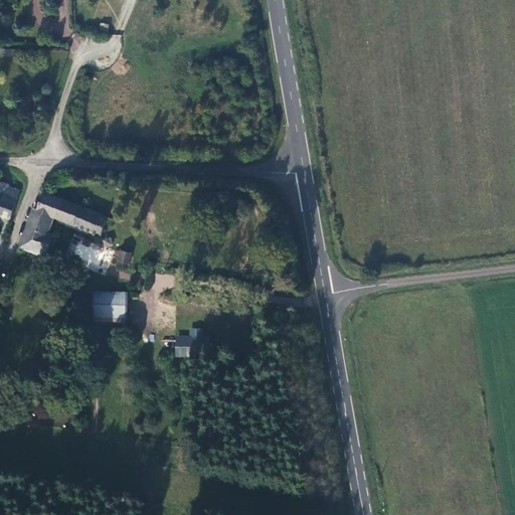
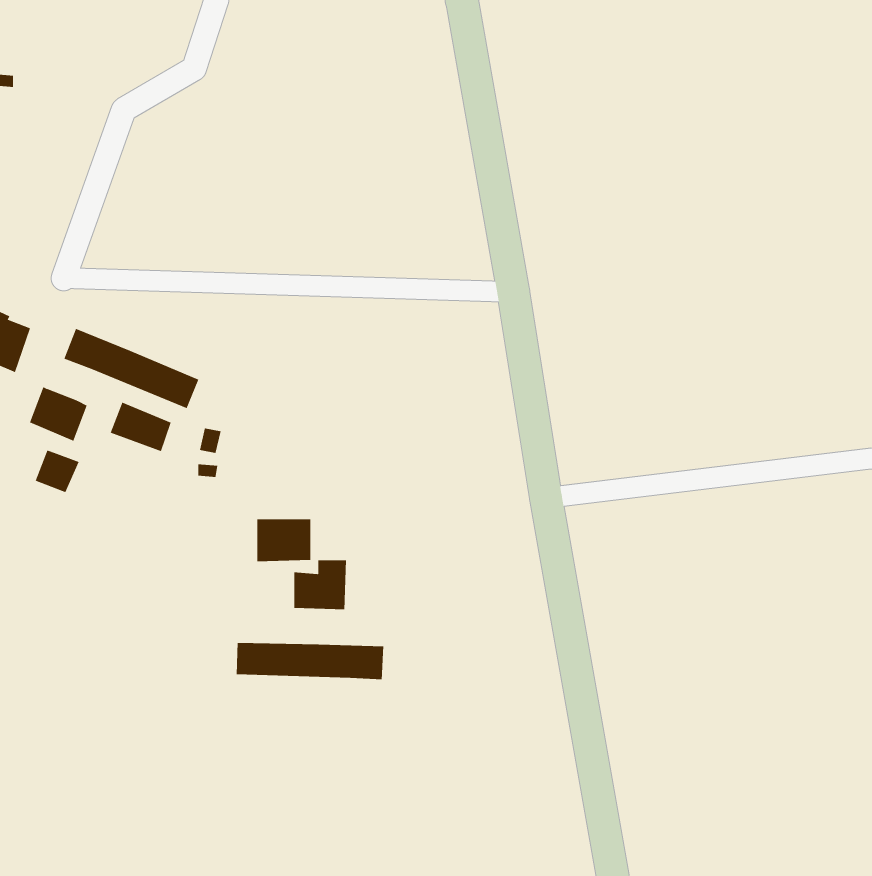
building: [27,210,53,235] -> [35,450,79,493]
building: [90,293,122,318] -> [256,519,311,562]
building: none -> [236,642,384,680]

